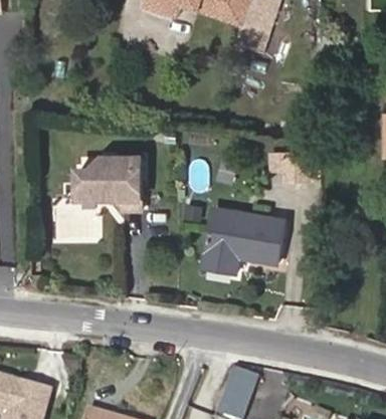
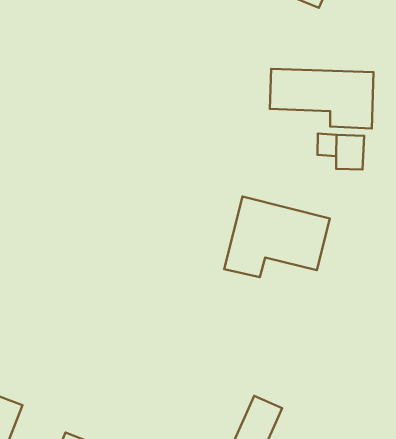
building: none -> [270,69,374,129]
building: [77,157,140,209] -> none

